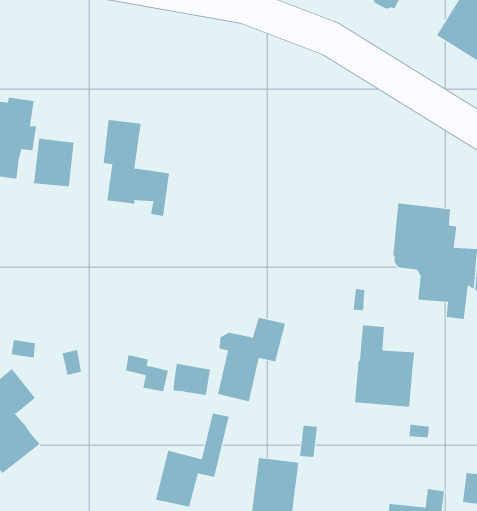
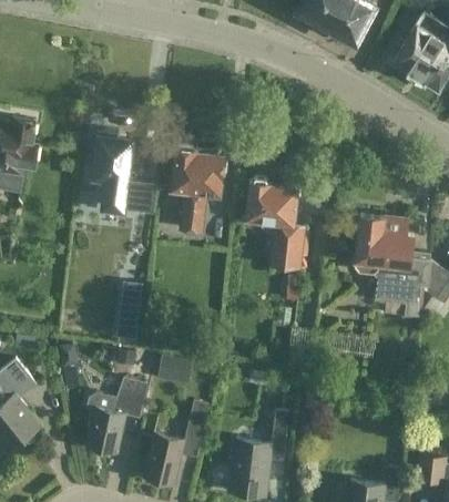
building: none -> [171,150,224,233]
building: [34,138,74,187] -> none
building: none -> [245,183,309,269]
building: [217,317,286,402] -> [86,379,147,454]
building: [355,325,415,407] -> none

